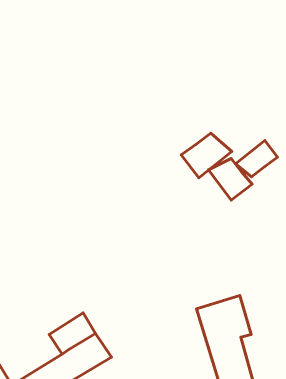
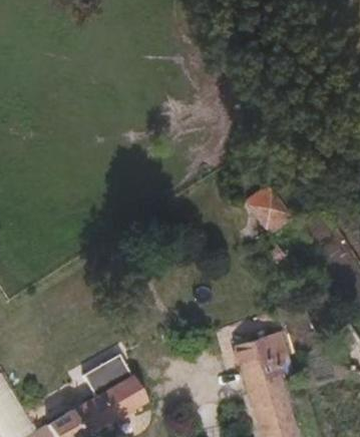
building: [181,133,232,178] -> none
building: [235,141,278,177] -> none

